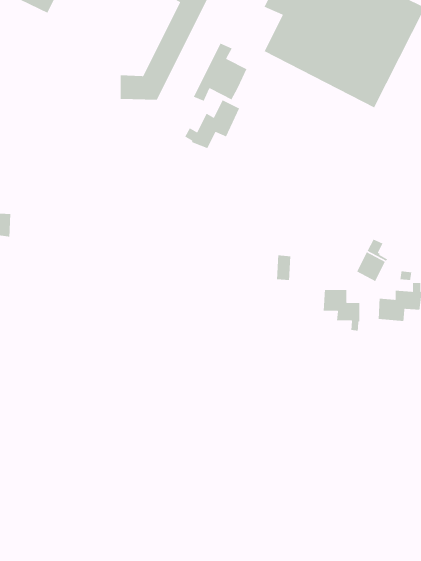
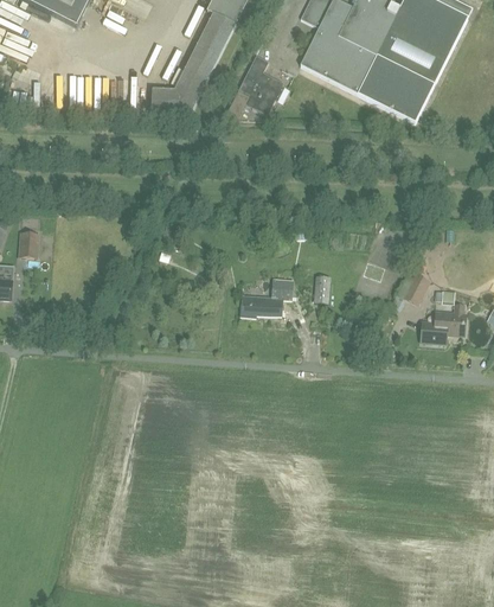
building: [184,99,240,149] -> none
building: none -> [240,276,293,314]
building: [323,289,360,331] -> none

